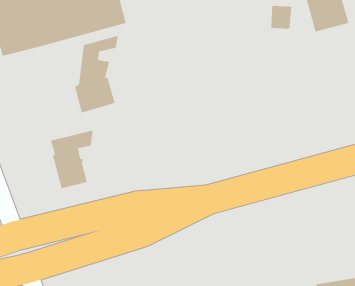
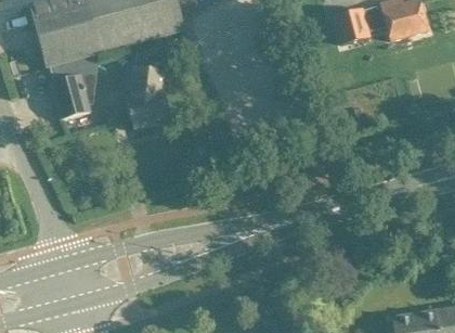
building: [50,130,93,189] -> [49,53,96,118]

